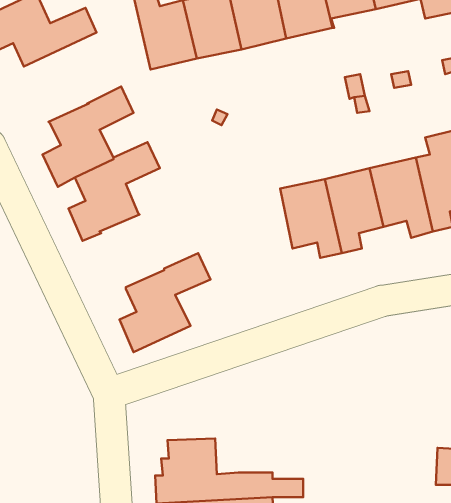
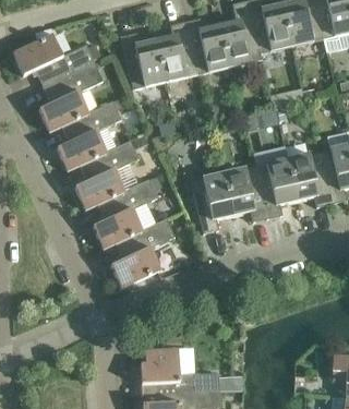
building: none -> [38,62,103,132]
building: none -> [190,172,232,233]
building: none -> [92,176,161,249]

